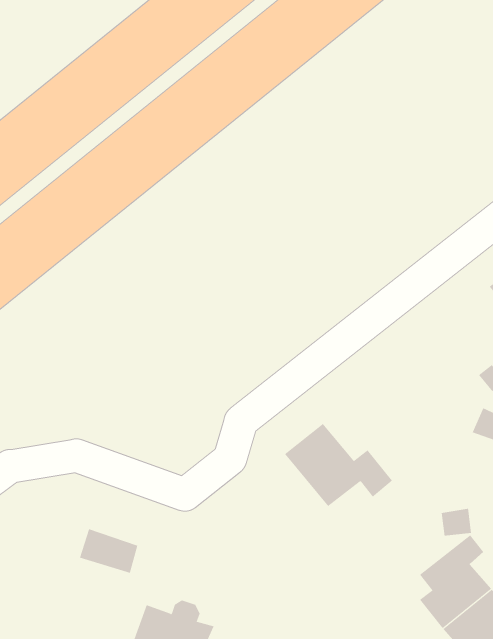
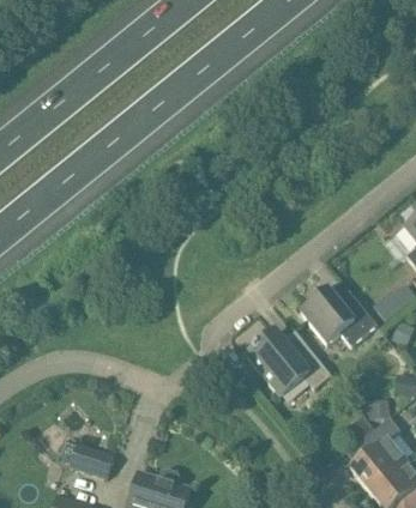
building: none -> [301,289,378,346]
building: [79,529,138,573] -> [68,443,114,478]

